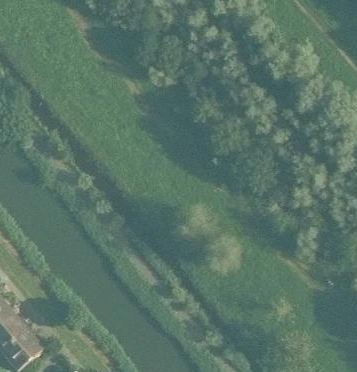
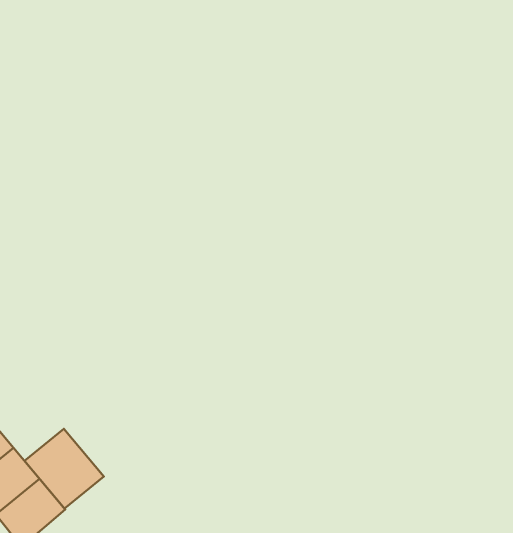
building: none -> [24,429,104,508]

